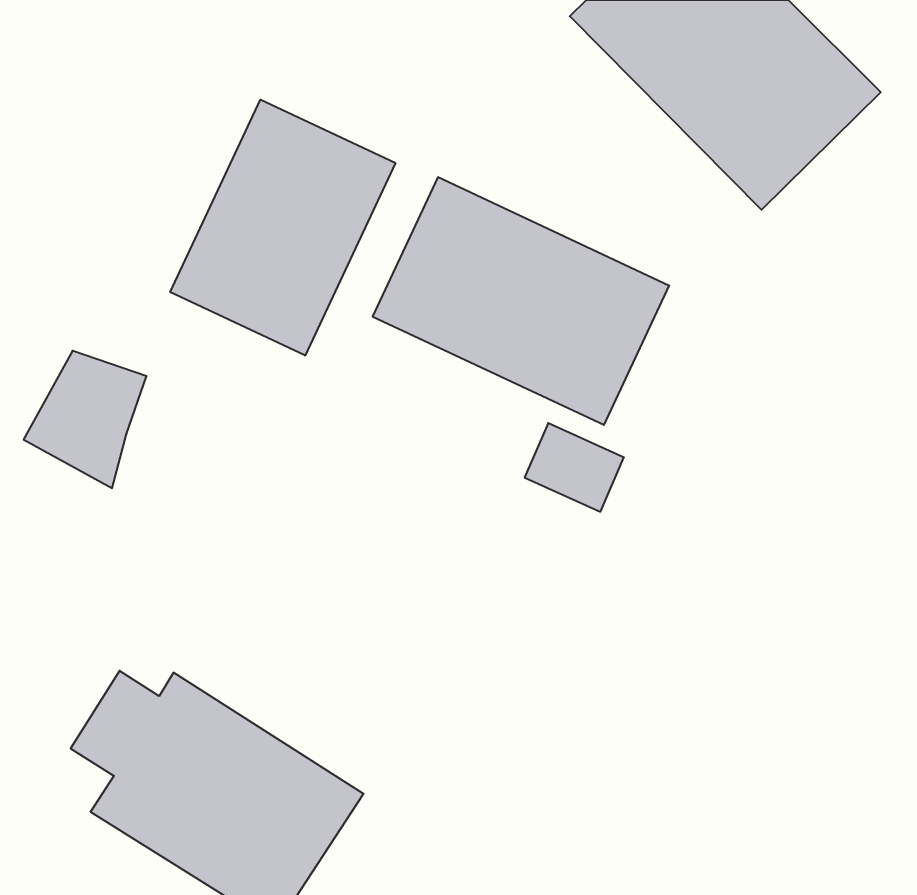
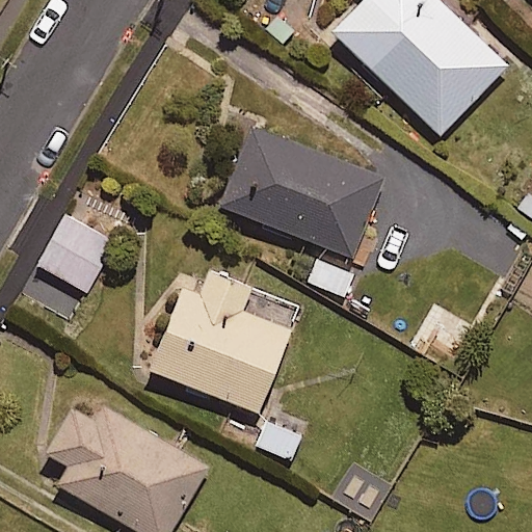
building: [170,100,395,356] -> none
building: none -> [147,264,291,411]

